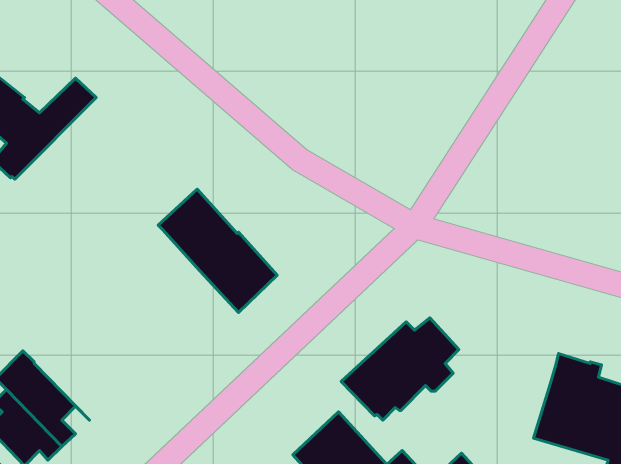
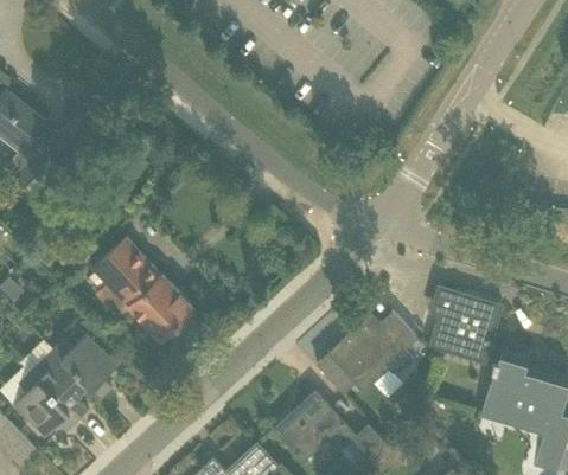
building: [158,189,277,312] -> [91,237,193,342]
building: none -> [427,287,502,367]
building: none -> [52,333,116,398]

